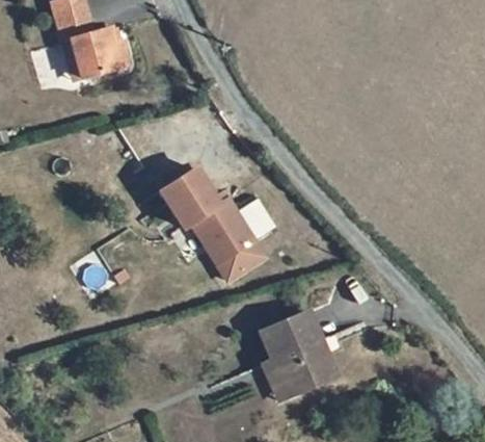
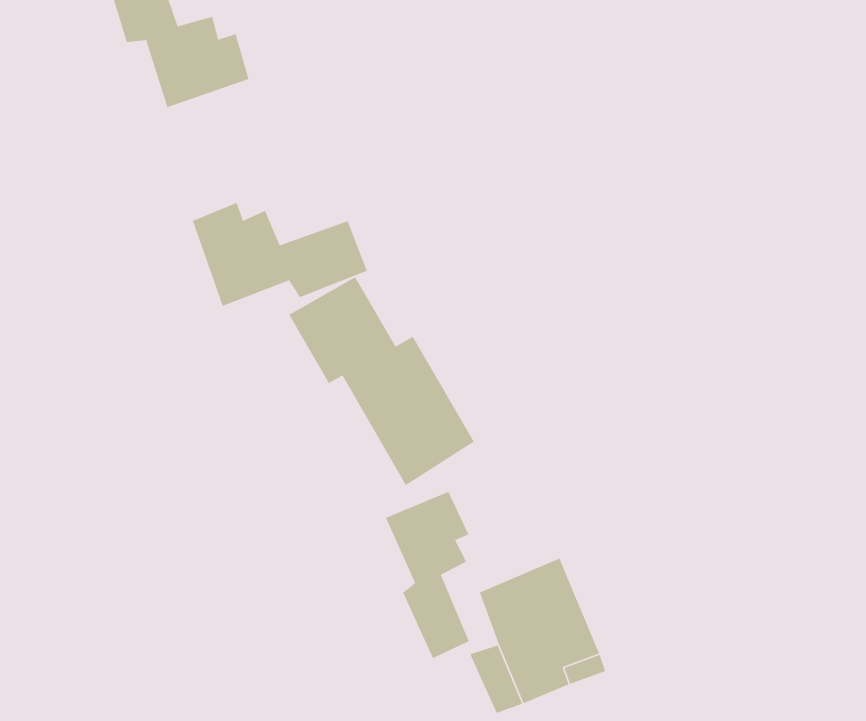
building: none -> [192,202,368,307]
building: none -> [385,491,470,659]

